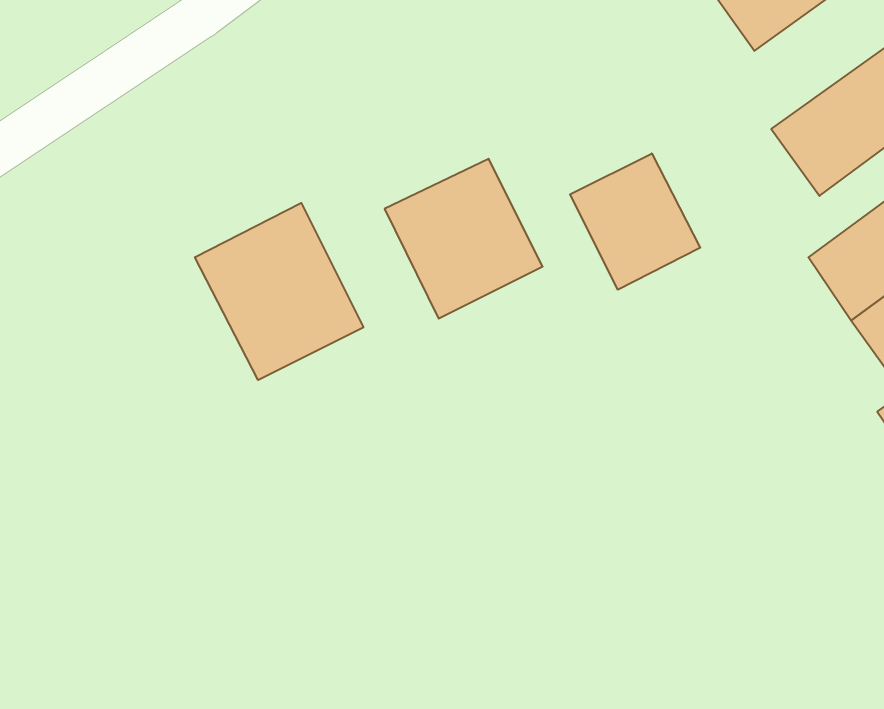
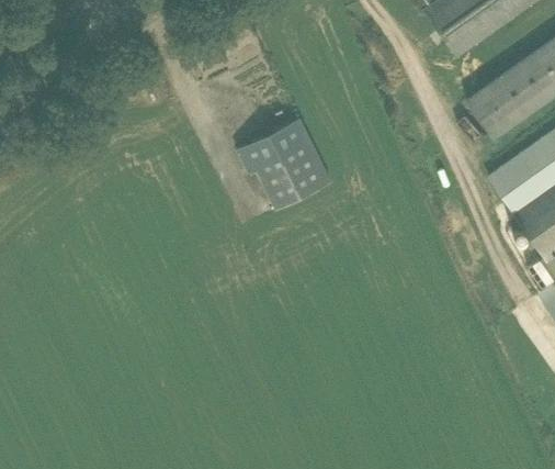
building: [570,153,700,290] -> none
building: [195,203,363,380] -> none

